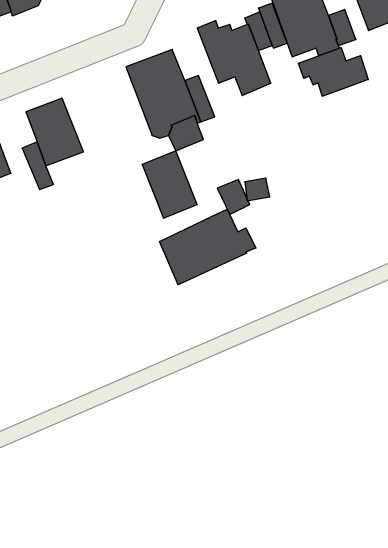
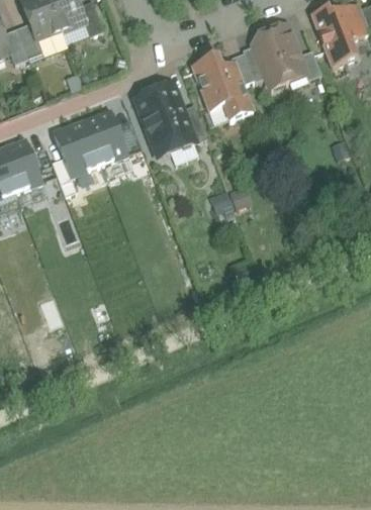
building: [298,48,368,96] -> none
building: [142,151,197,218] -> [84,110,128,165]
building: [159,209,256,285] -> none

